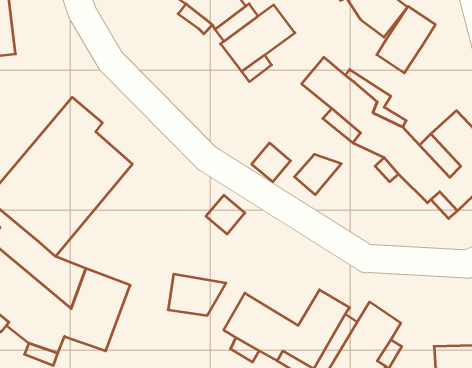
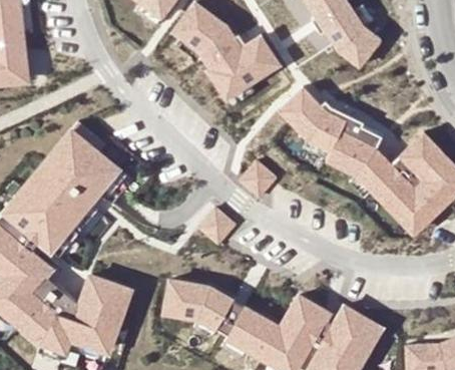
building: [377,6,435,73] -> none
building: [294,154,341,195] -> none
building: none -> [192,289,234,339]

